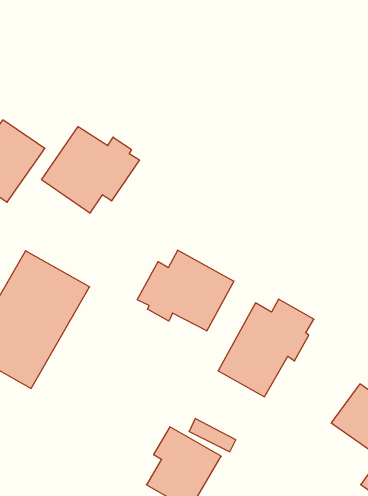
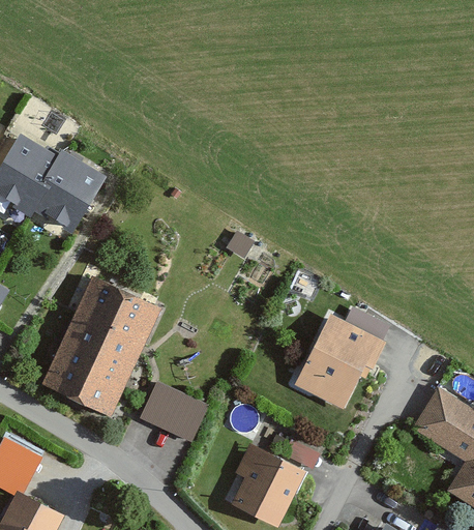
building: [42,127,139,213] -> none
building: [137,250,234,331] -> none
building: none -> [141,384,207,441]

